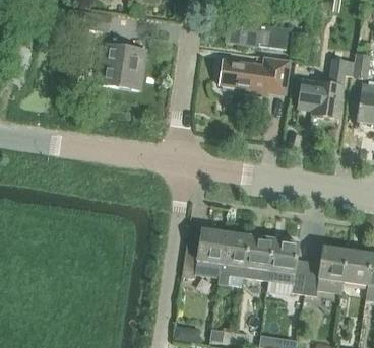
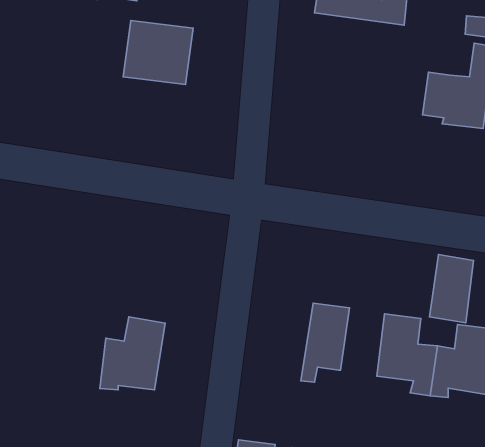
building: [221,54,290,92] -> none
building: [182,228,226,277] -> [100,317,165,390]
building: [244,235,273,281] -> [429,254,473,323]

